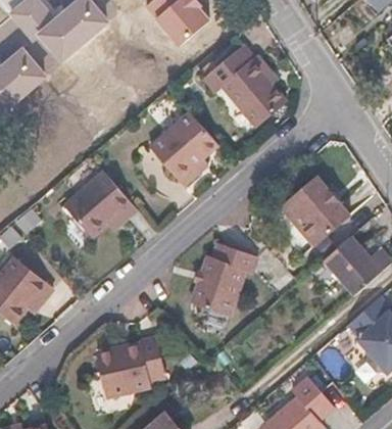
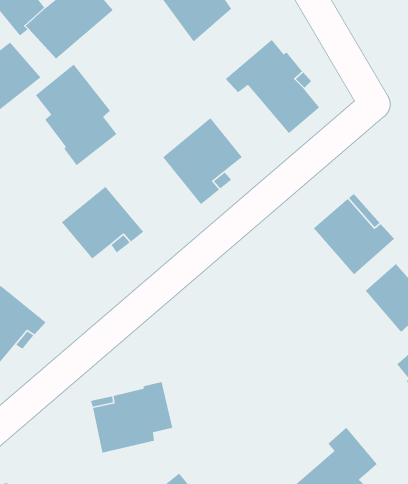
building: none -> [35,63,117,166]
building: [196,244,258,316] -> none

